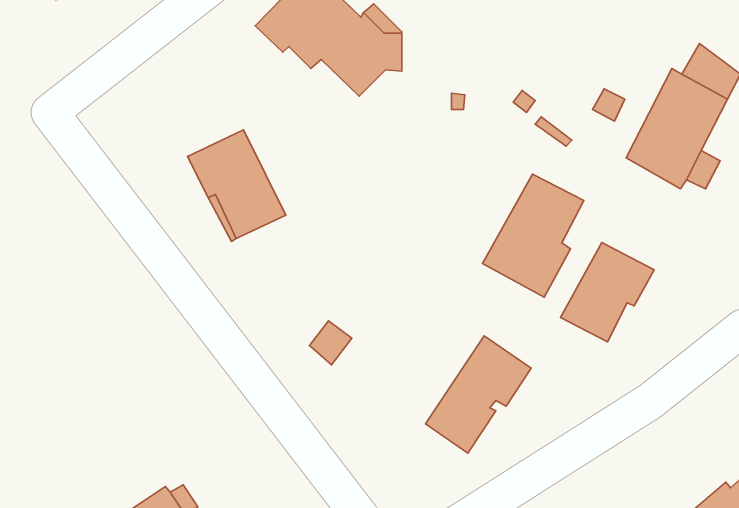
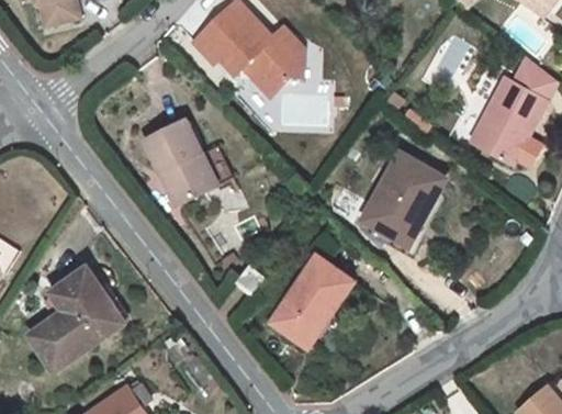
building: [561,242,654,342] -> none
building: none -> [30,269,127,372]
building: [425,336,531,453] -> [273,257,352,345]

